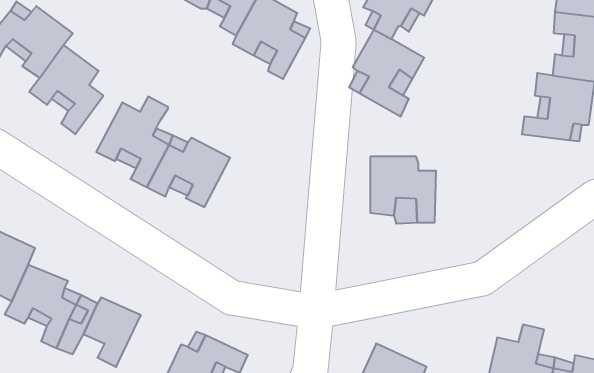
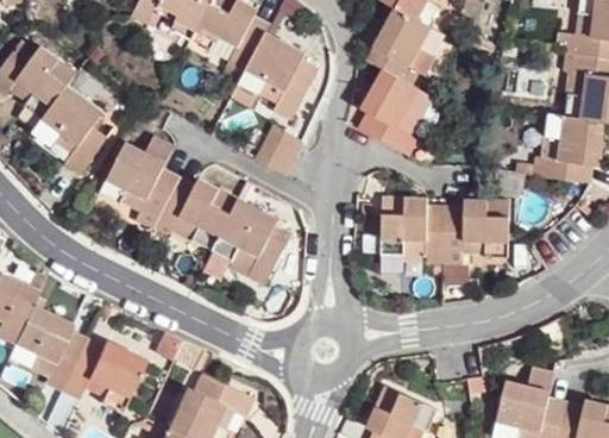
building: none -> [253,126,301,175]
building: none -> [444,196,508,263]
building: none -> [209,198,285,284]

